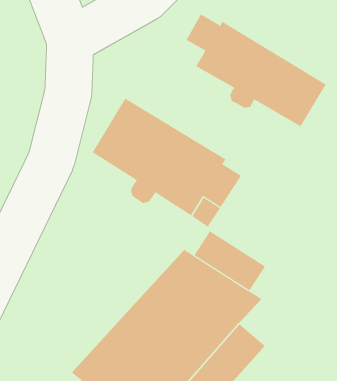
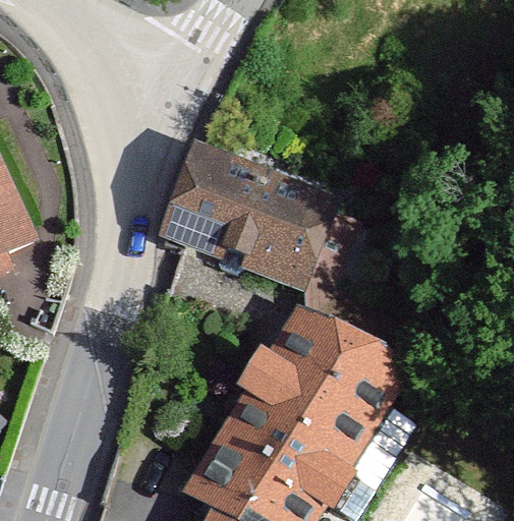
building: [186,14,326,127] -> none

